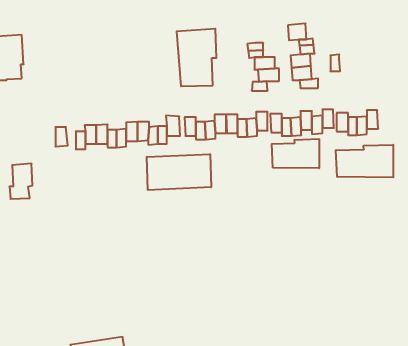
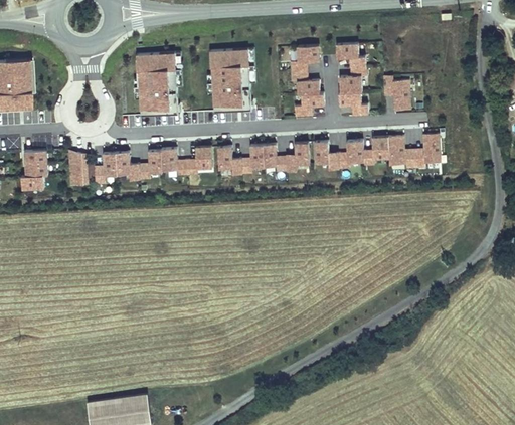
building: none -> [297,46,319,63]
building: none -> [136,51,177,114]
building: none -> [393,81,407,111]
building: [272,139,319,168] -> none
building: [336,145,393,177] -> none
building: [147,154,211,190] -> none
building: [9,164,32,199] -> [22,145,48,185]

